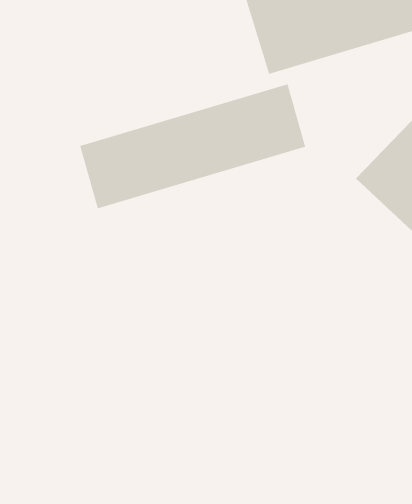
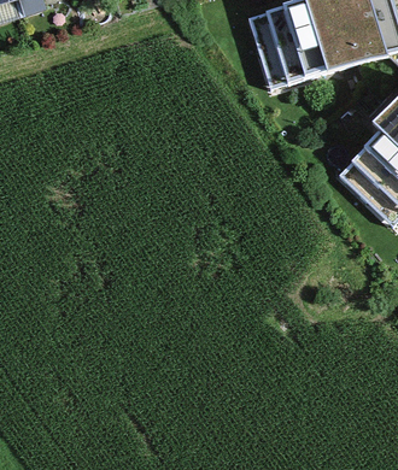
building: [79,83,306,209] -> none

